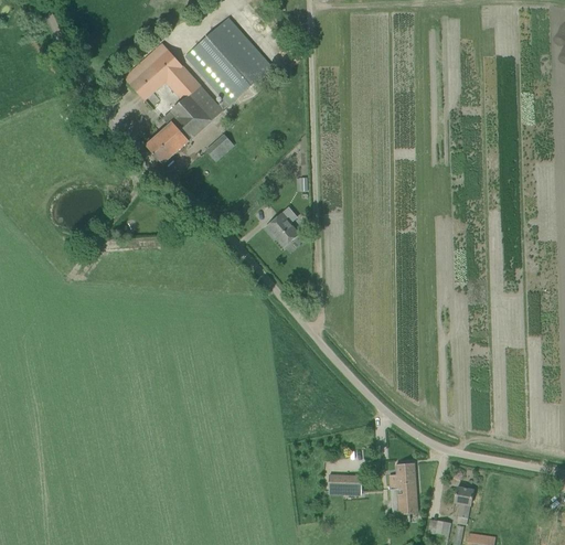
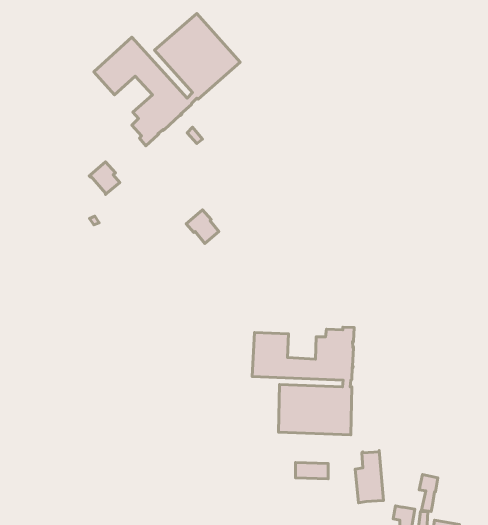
building: [146,130,177,163] -> [89,162,120,194]
building: [266,211,299,245] -> [186,210,219,243]
building: none -> [252,327,354,435]

